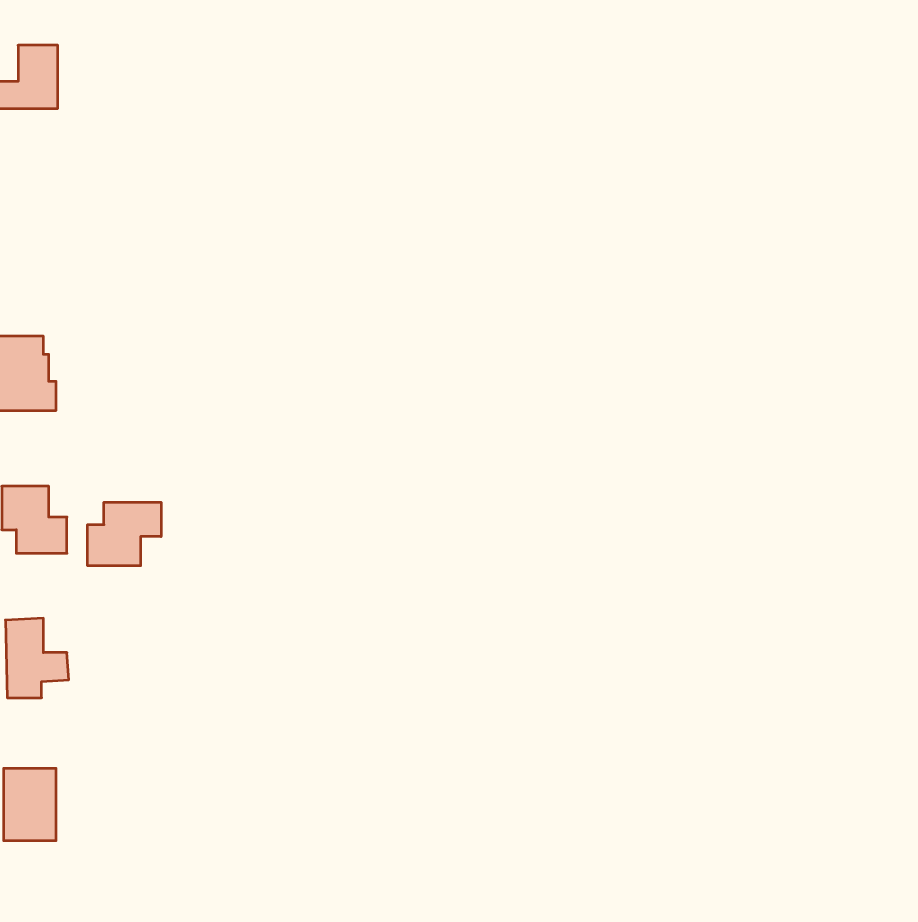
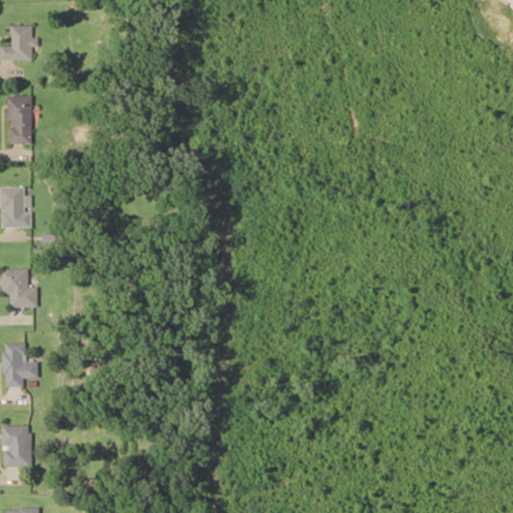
building: none -> [7,95,31,142]
building: [88,502,161,566] -> none

